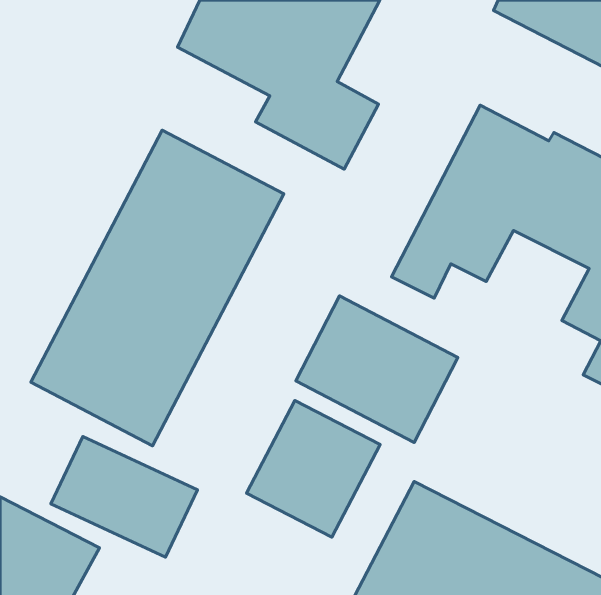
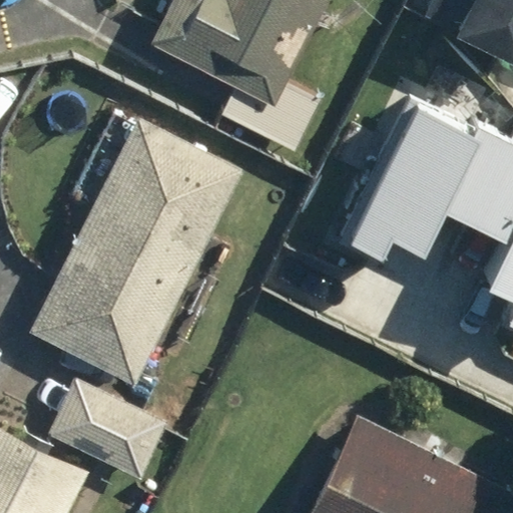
building: [296,296,458,443] -> none
building: [246,401,380,537] -> none

